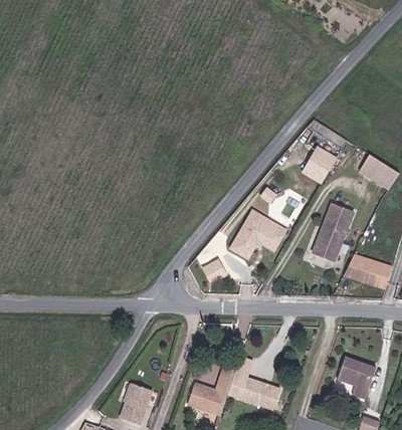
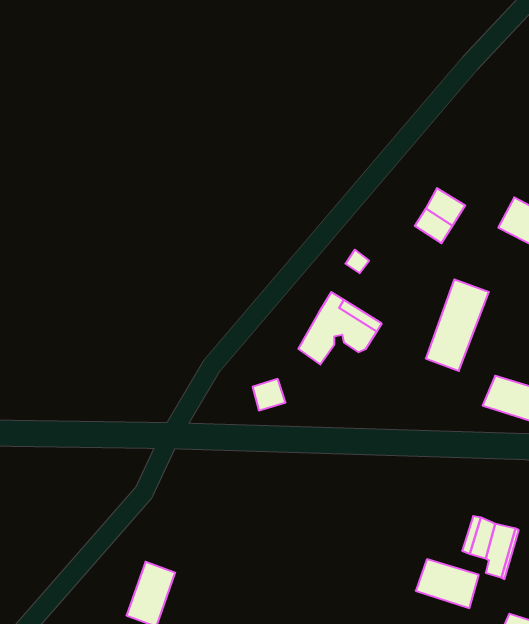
building: [187,363,235,413] -> none
building: [238,377,278,408] -> [416,559,479,608]

